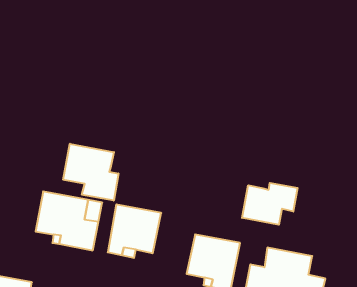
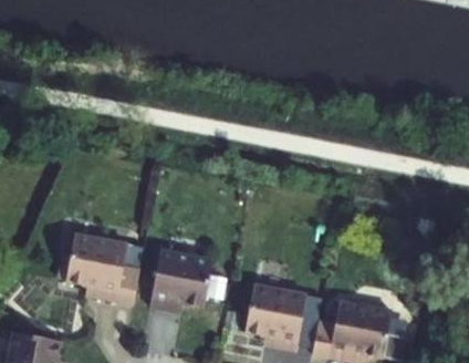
building: [63,144,118,201] -> none
building: [242,183,298,225] -> none

